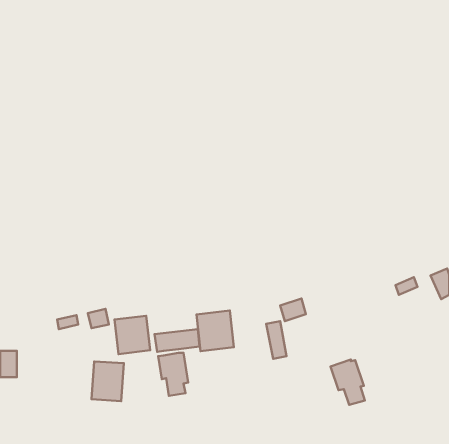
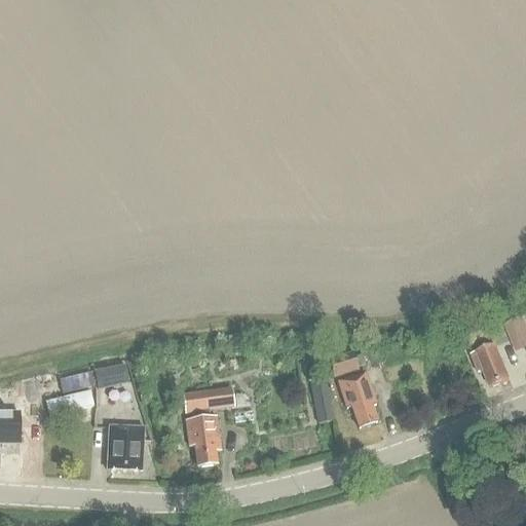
building: none -> [471,342,509,385]
building: [196,311,234,351] -> none
building: [115,316,150,354] -> none
building: [331,359,365,405] -> [336,370,376,423]

